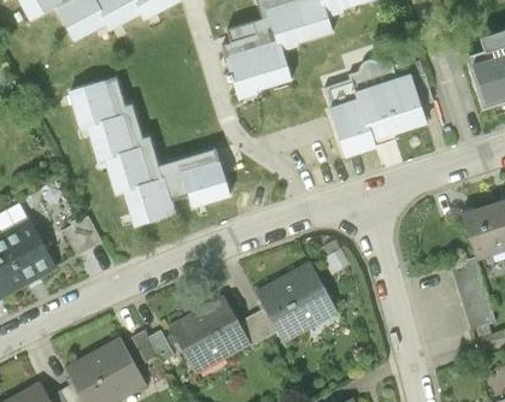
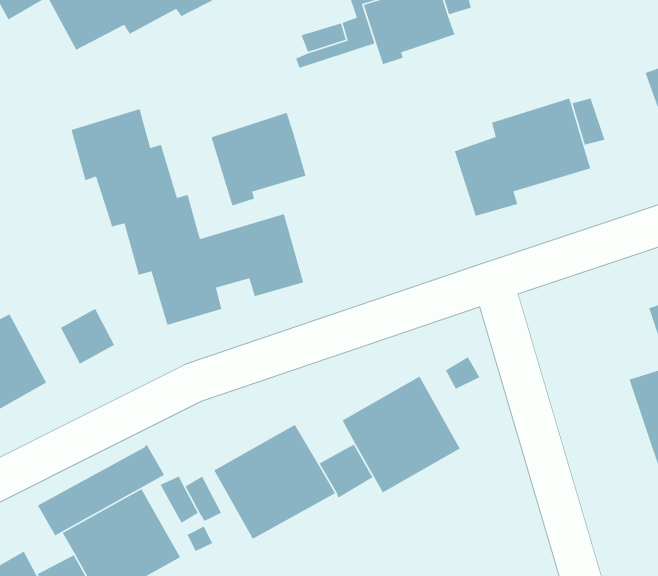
building: [225,37,290,101] -> [210,112,307,206]
building: none -> [37,444,165,536]

